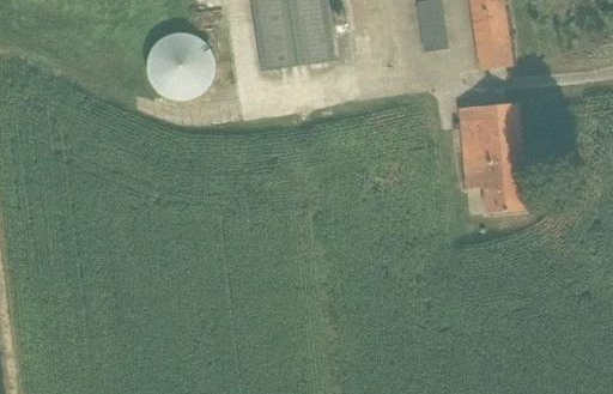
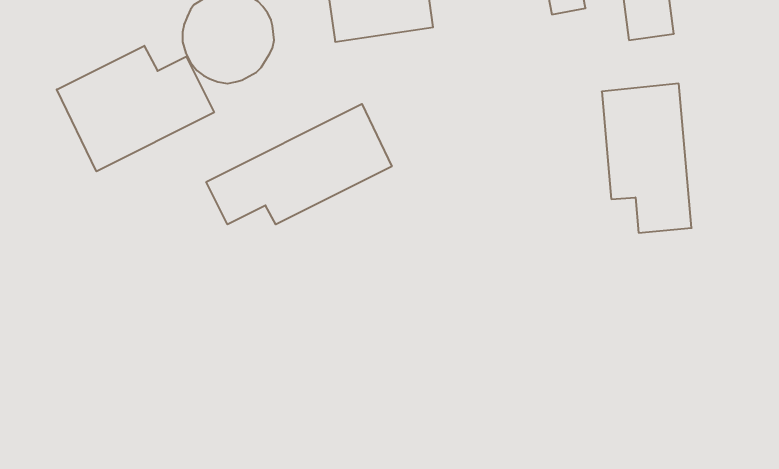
building: none -> [57,46,214,171]
building: none -> [206,104,392,224]

